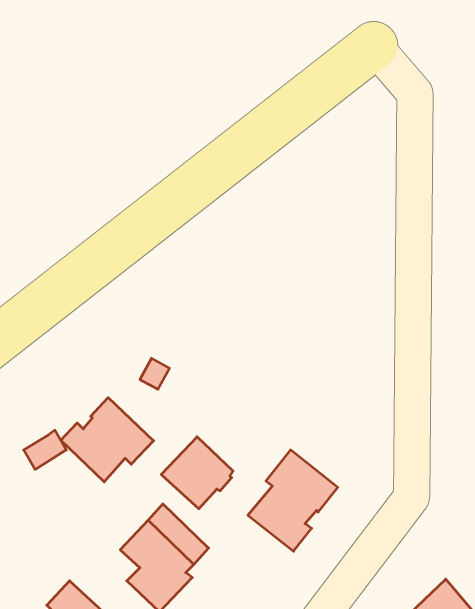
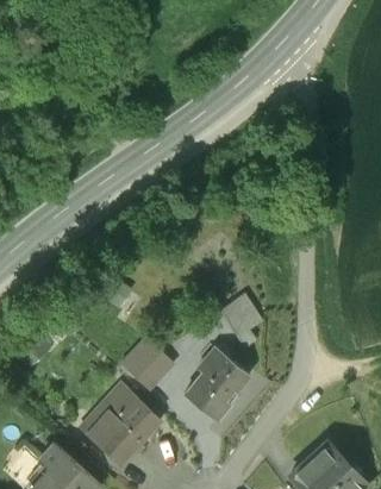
building: none -> [220,293,262,347]
building: [61,398,154,482] -> none

